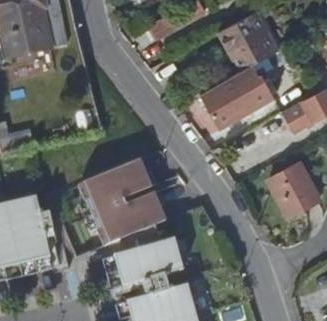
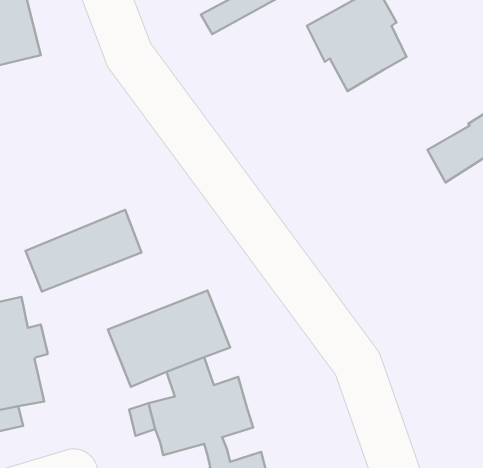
building: [210,54,280,121] -> none
building: [267,157,318,212] -> none
building: [82,163,153,213] -> [26,210,141,292]

